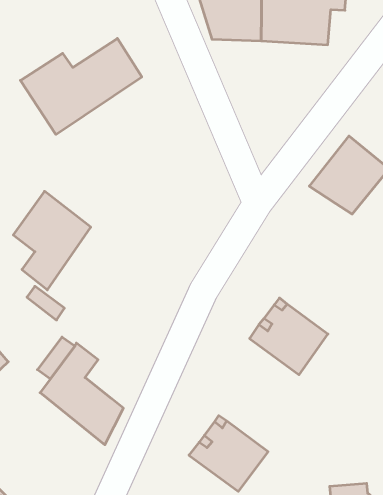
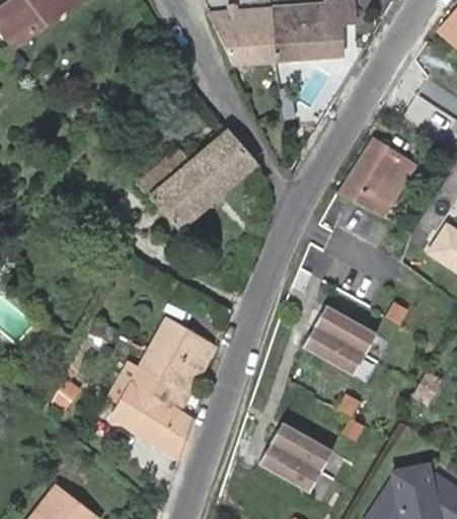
building: [20,38,142,134] -> [140,132,253,229]
building: [13,191,91,290] -> [141,321,213,414]

